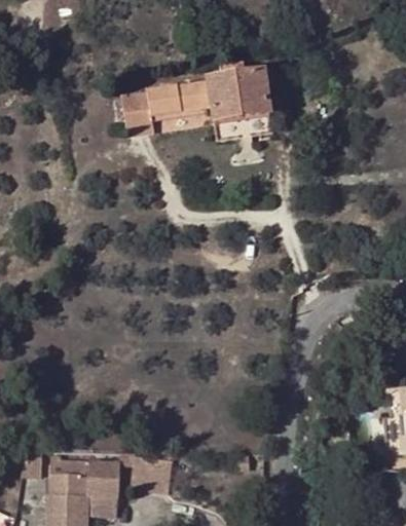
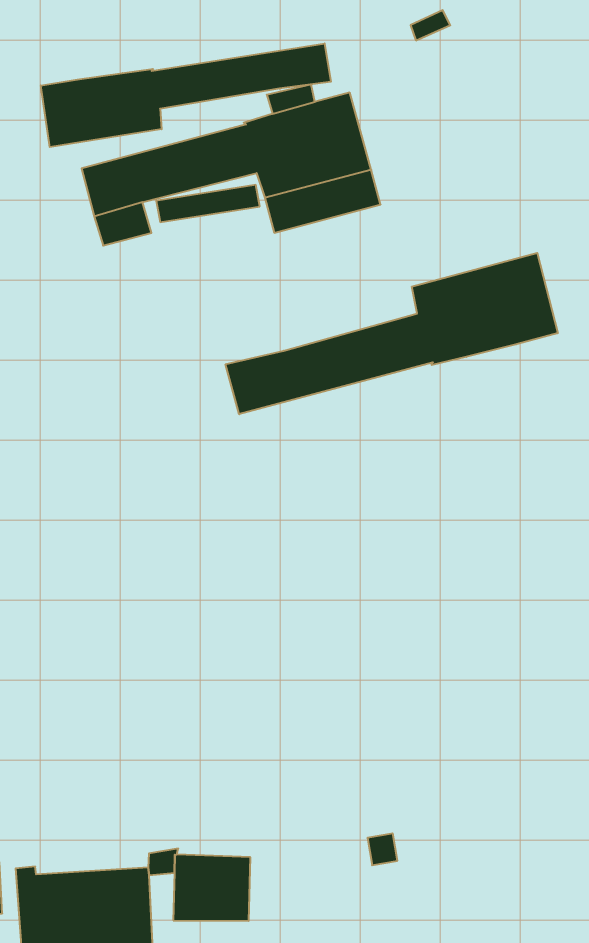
building: none -> [41,43,331,147]
building: none -> [226,253,558,414]

